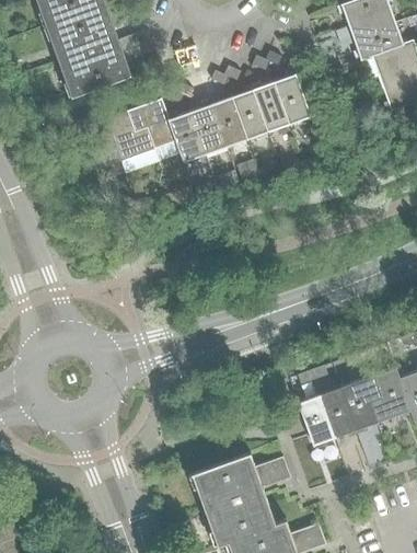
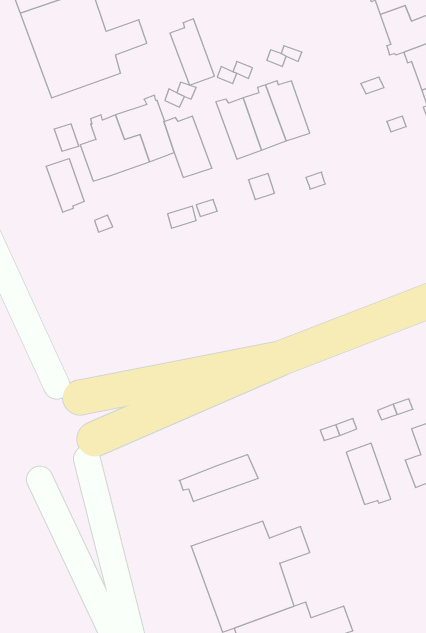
building: [274,70,312,126] -> none
building: [190,100,228,155] -> [170,19,214,85]
building: none -> [46,159,84,212]
building: [340,375,382,434] -> none
building: [298,394,335,449] -> none
building: none -> [179,455,258,502]

